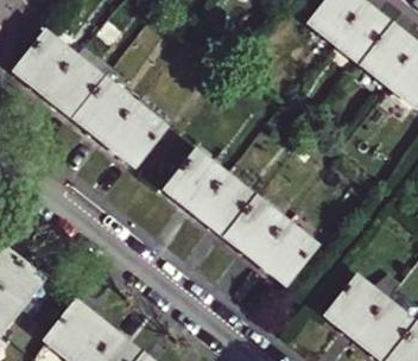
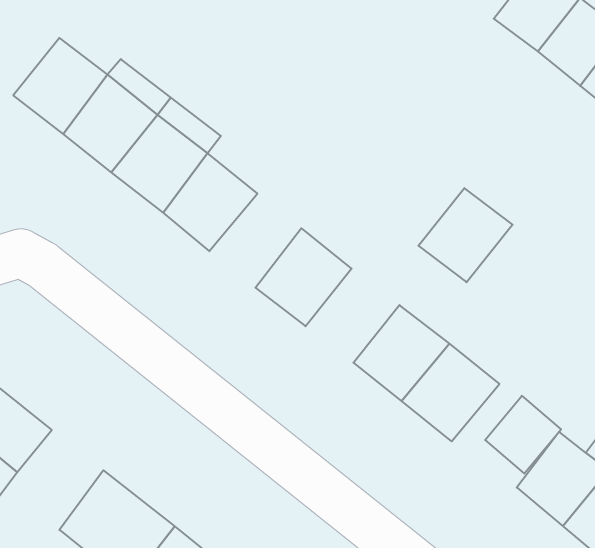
building: [195,177,253,235] -> [418,188,513,282]
building: none -> [485,396,561,474]

